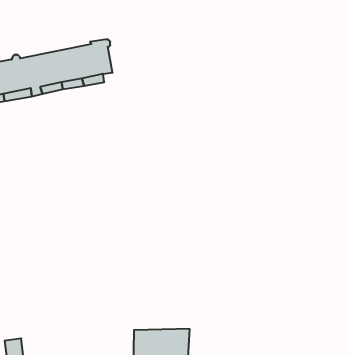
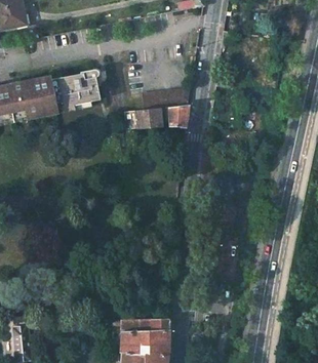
building: none -> [123,88,188,128]

